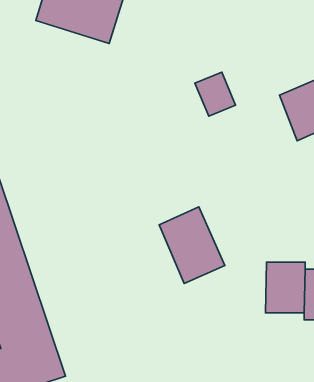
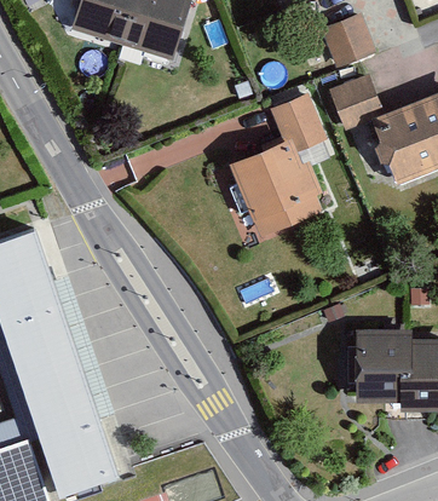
building: none -> [324,18,371,65]
building: none -> [328,77,379,128]
building: [159,207,225,283] -> [234,140,313,234]

